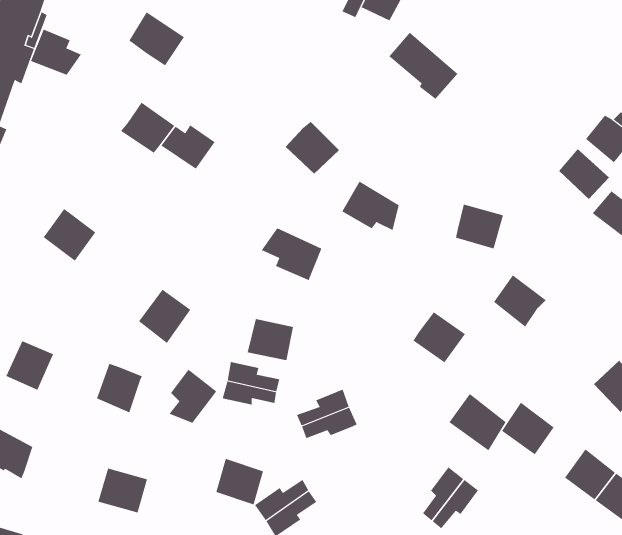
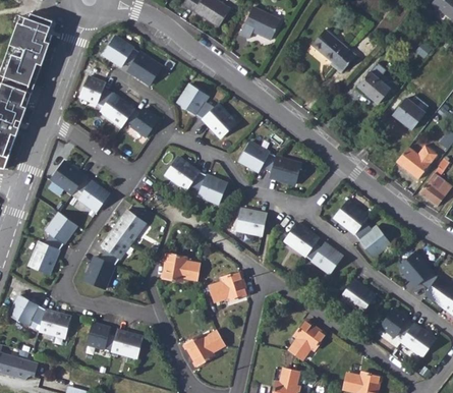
building: [30,29,82,76] -> [79,74,112,104]
building: [389,32,458,100] -> [313,31,356,73]
building: none -> [127,50,162,82]
building: none -> [177,82,214,119]
building: [558,148,610,200] -> [358,71,391,104]
building: [455,204,504,249] -> [270,156,300,184]
building: none -> [164,156,197,188]
building: none -> [70,173,108,209]
building: none -> [42,211,74,249]
building: none -> [354,221,389,258]
building: [247,319,294,361] -> [235,210,265,236]
building: [169,369,217,424] -> [98,229,128,264]
building: [448,393,507,451] -> [303,237,340,274]
building: none -> [38,308,69,337]
building: [216,458,264,505] -> [110,329,140,358]

